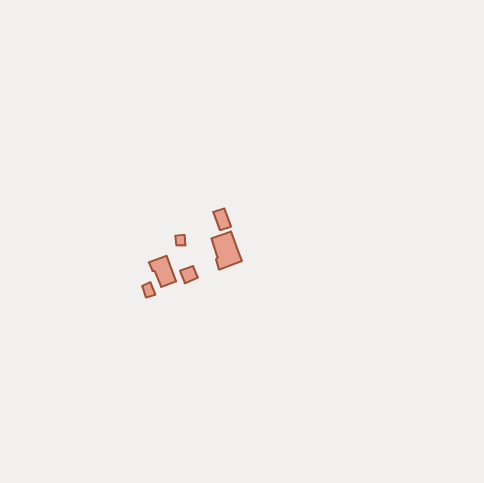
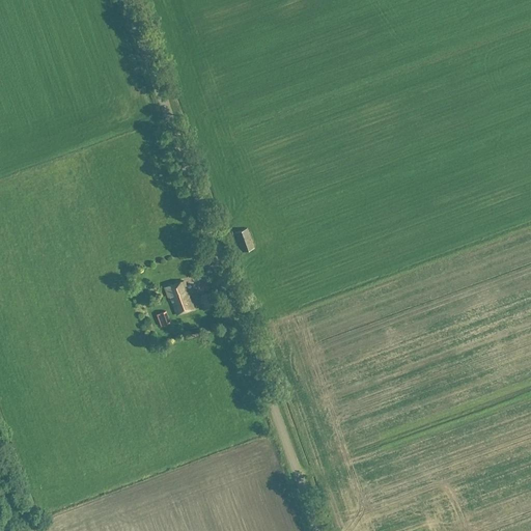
building: [212,231,242,270] -> none

